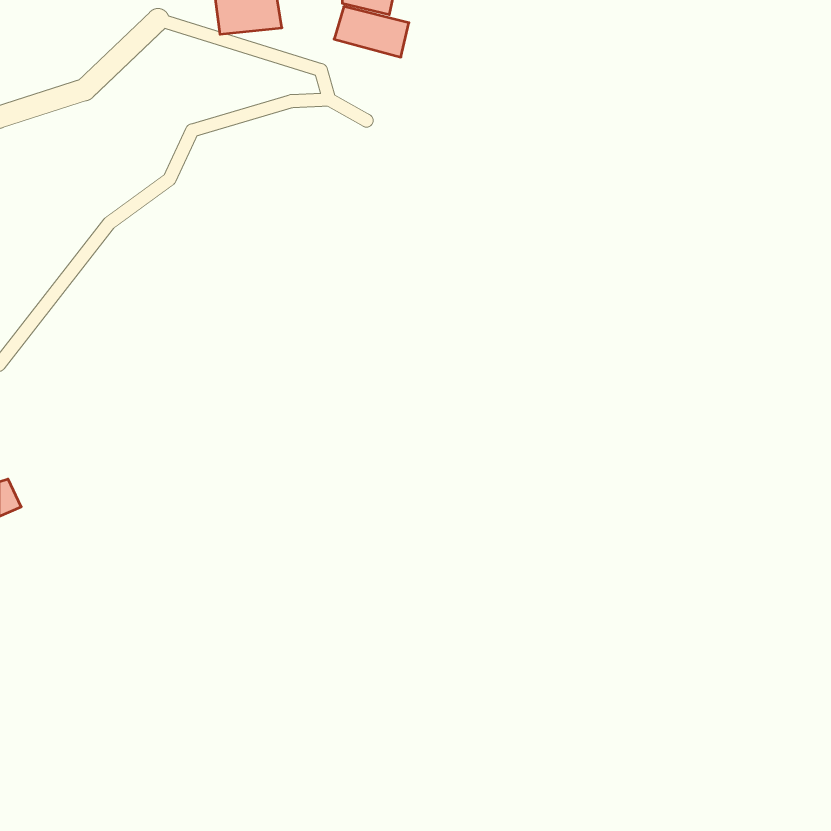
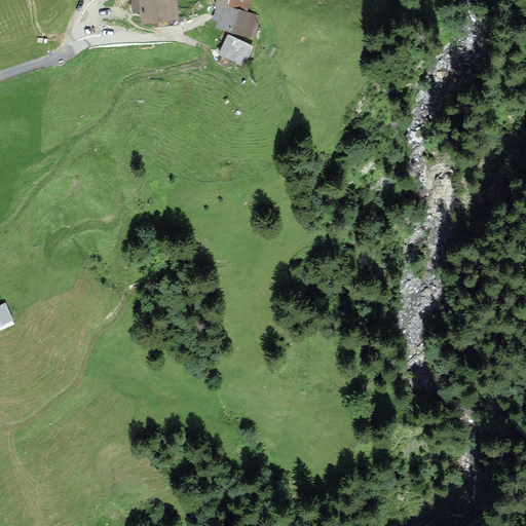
building: none -> [218,34,253,66]

